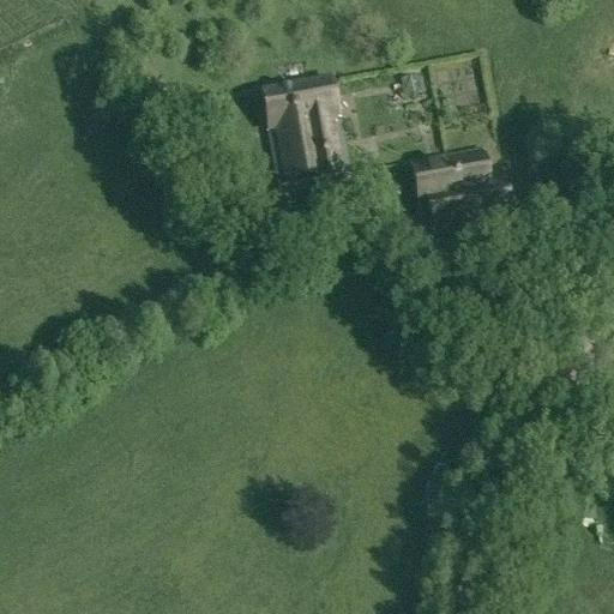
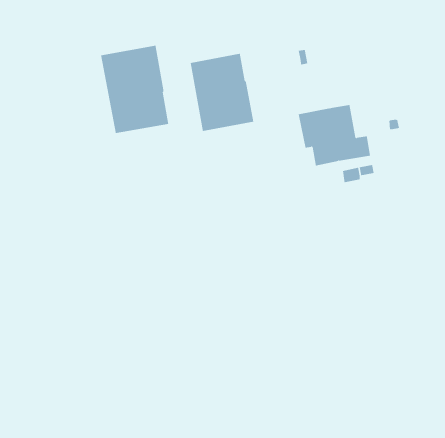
building: none -> [101,45,169,134]

